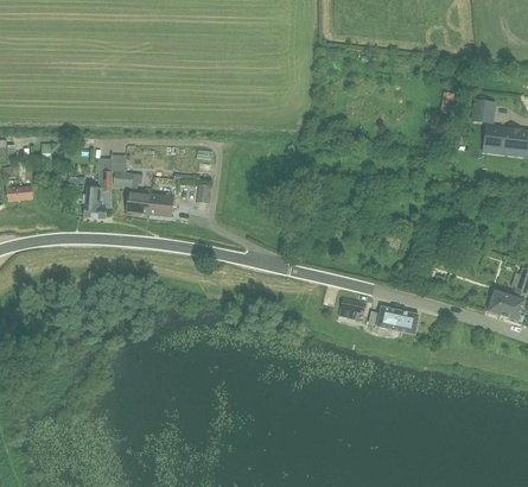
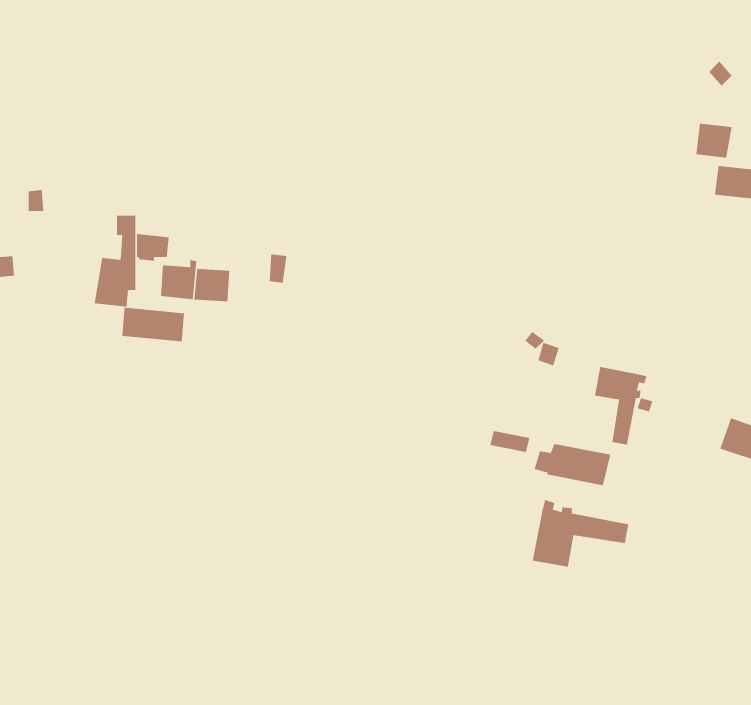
building: none -> [122,307,185,342]
building: none -> [594,366,647,446]
building: none -> [532,499,629,567]

